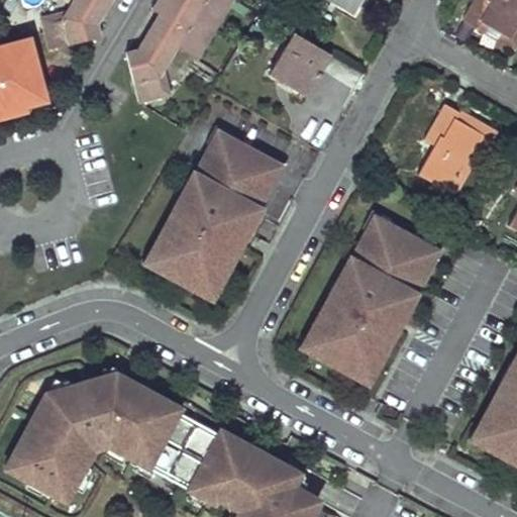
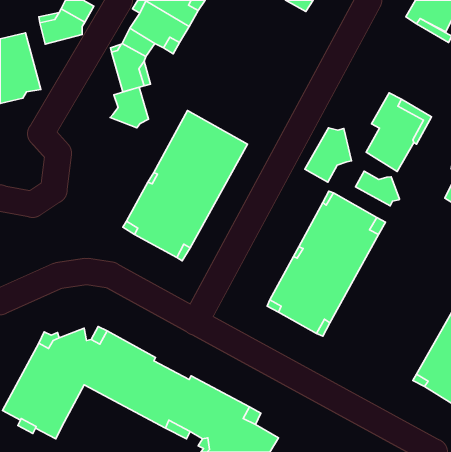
building: [268,32,331,92] -> none
building: none -> [110,87,148,128]
building: none -> [305,128,351,182]
building: none -> [356,171,400,206]

